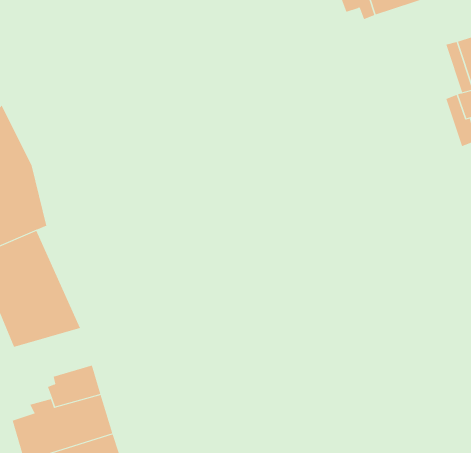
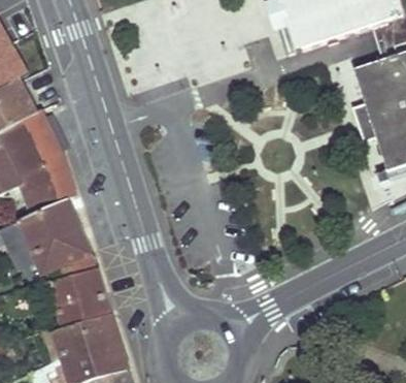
building: none -> [49,268,105,322]

